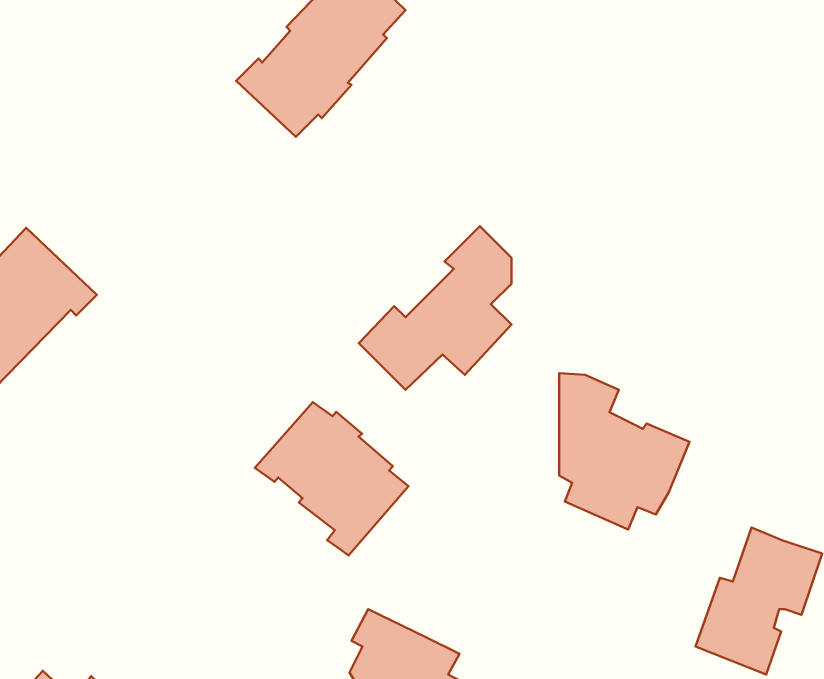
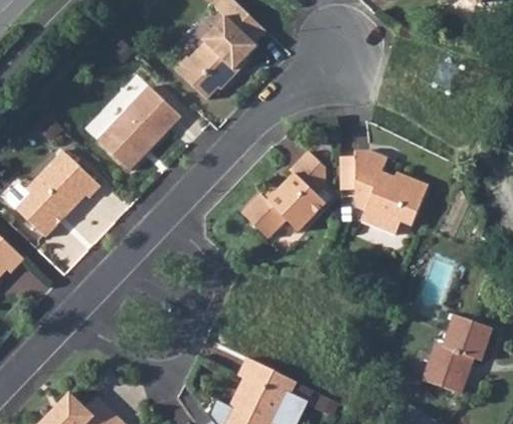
building: none -> [96,87,179,171]
building: [559,373,689,529] -> [355,151,425,235]
building: [255,402,409,555] -> none

